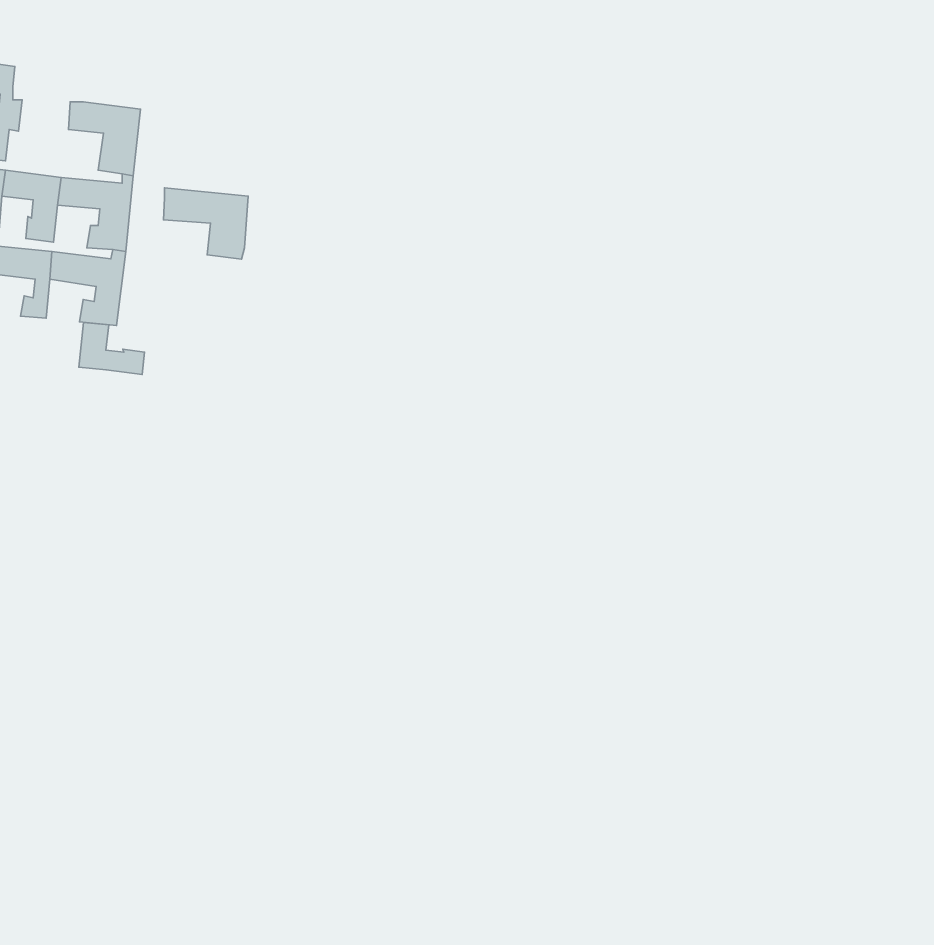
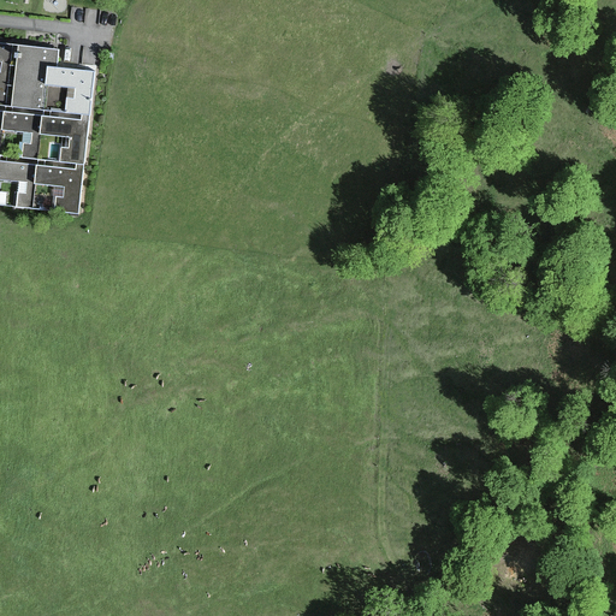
building: none -> [8,43,55,109]
building: [164,188,248,259] -> none
building: [79,322,144,375] -> none

